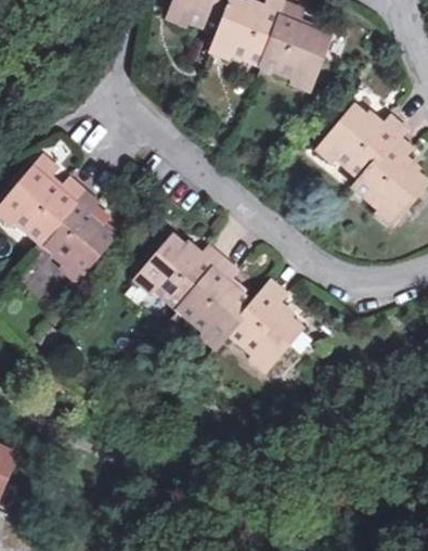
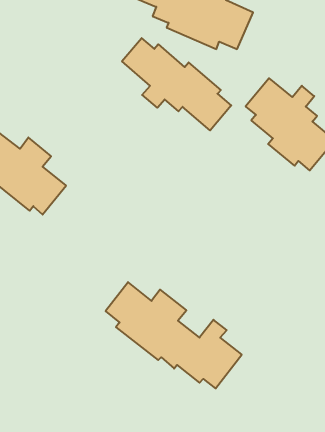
building: none -> [122,38,231,130]
building: [145,241,302,363] -> [106,282,242,388]

